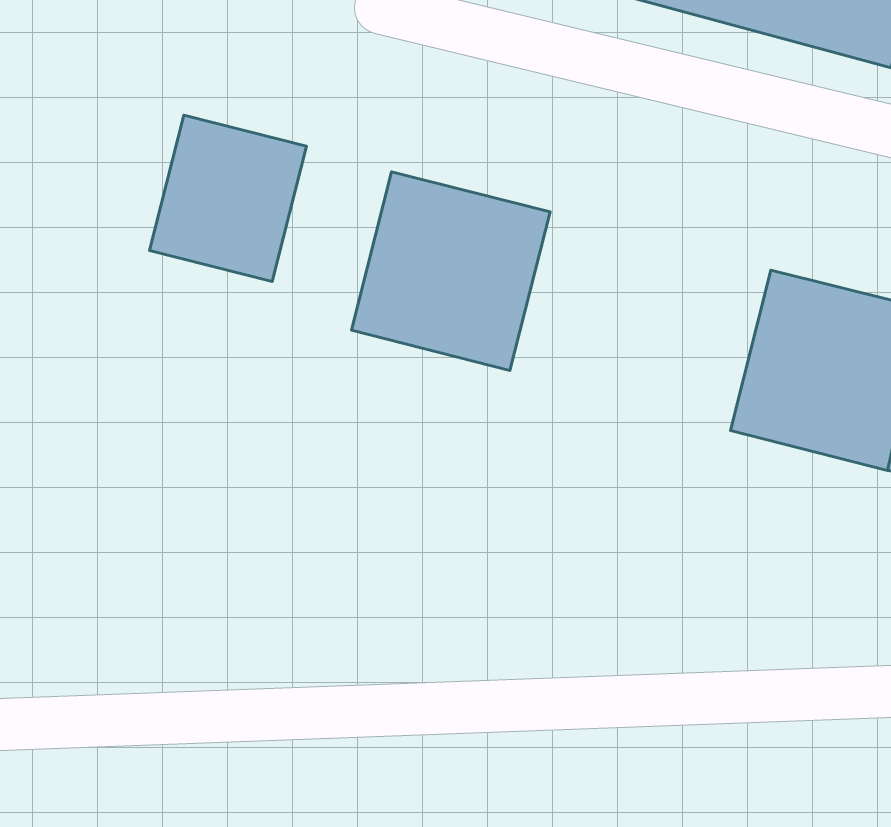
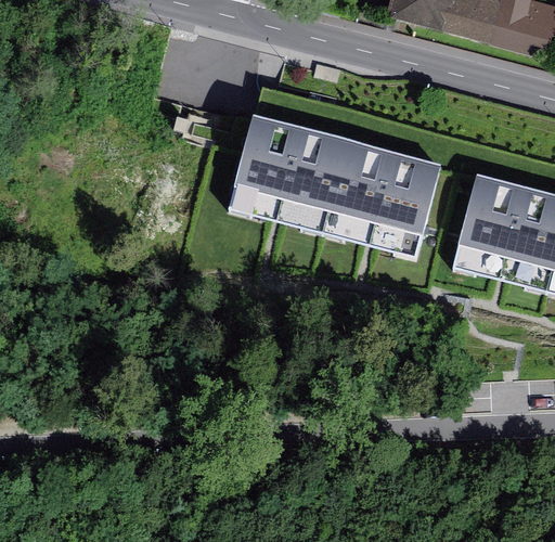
building: [149,115,307,282] -> none
building: none -> [322,138,441,256]

